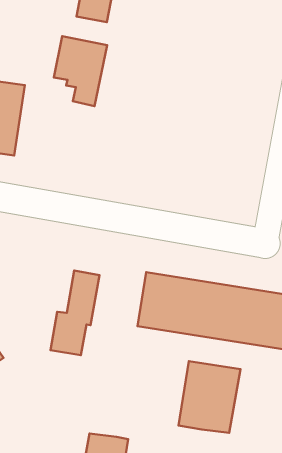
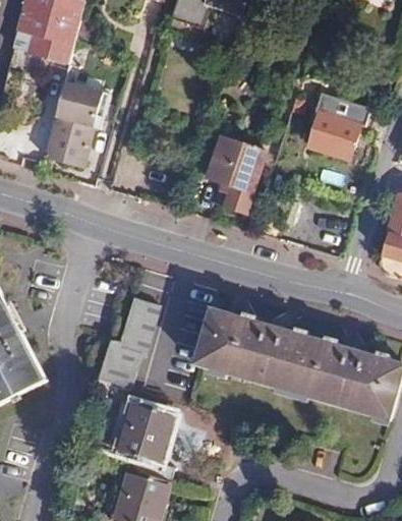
building: [54,36,107,106] -> [206,134,267,213]
building: none -> [307,91,370,158]
building: [178,361,240,433] -> [104,398,177,479]

